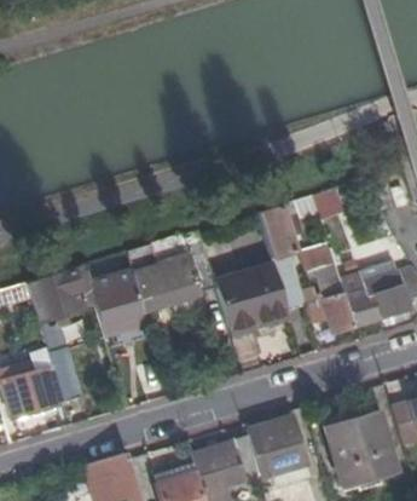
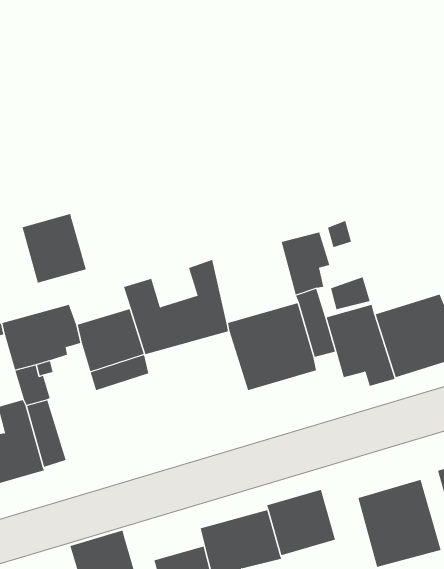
building: none -> [22,213,86,283]

